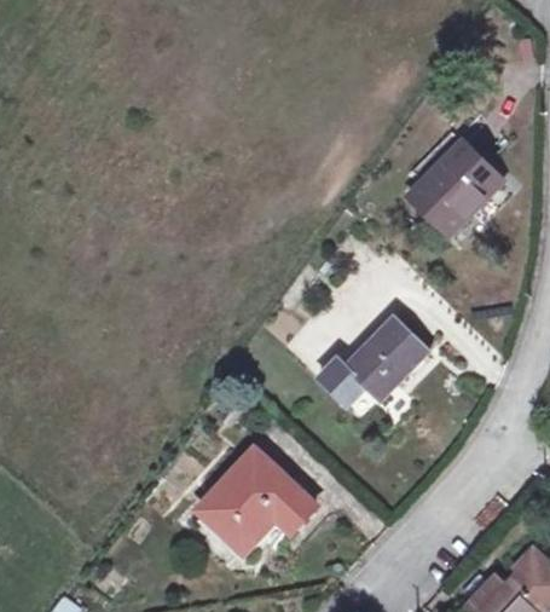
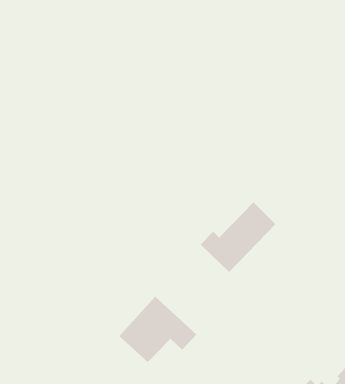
building: [409,142,500,233] -> none

